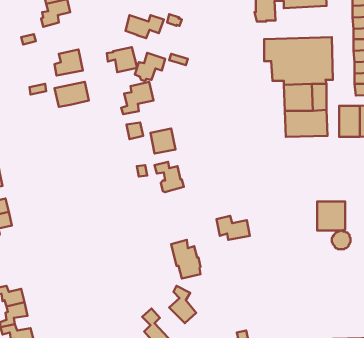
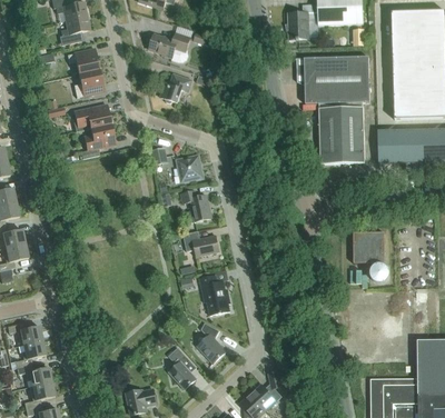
building: [107,47,137,72] -> [67,47,99,73]
building: [121,82,153,114] -> [80,123,115,158]
building: [217,216,250,240] -> [182,229,218,255]

